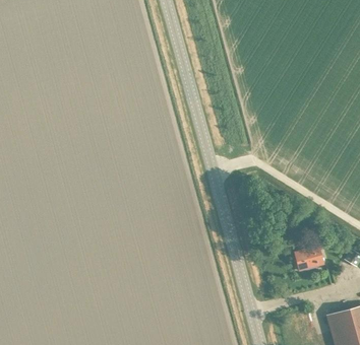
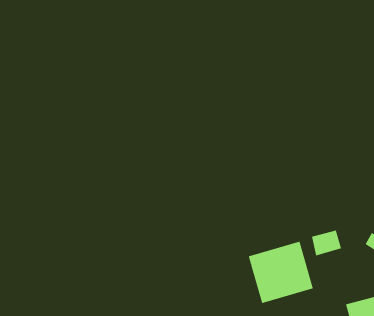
building: none -> [248,241,313,304]

